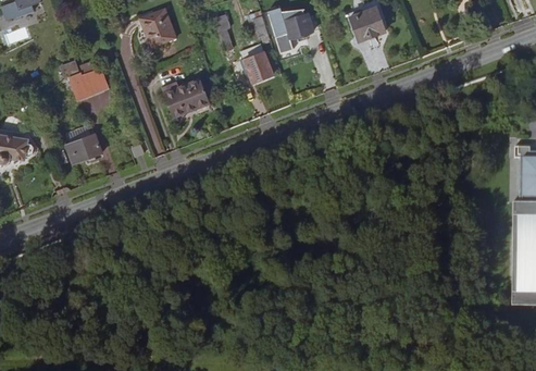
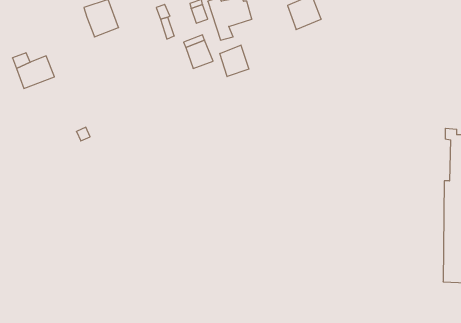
building: none -> [220,45,249,77]
building: [164,79,210,116] -> none
building: [64,134,98,163] -> none

